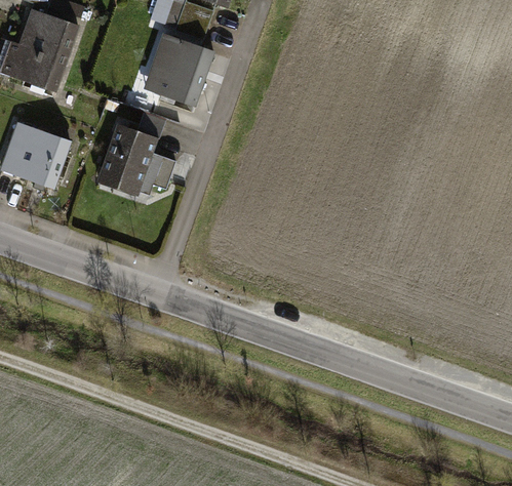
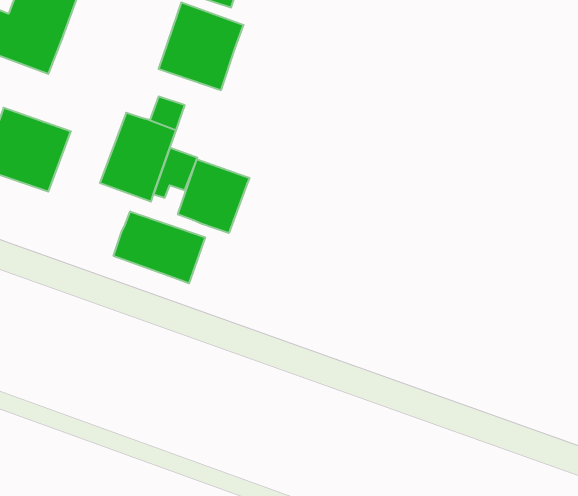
building: none -> [178,159,249,233]
building: none -> [114,211,205,283]

